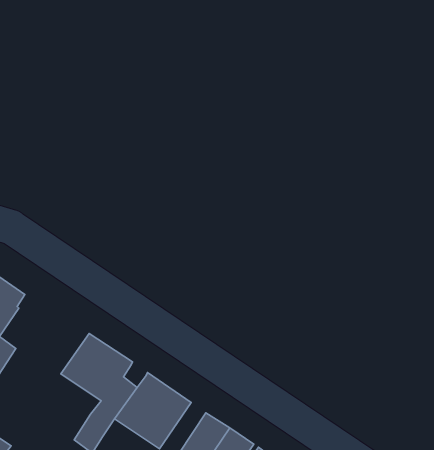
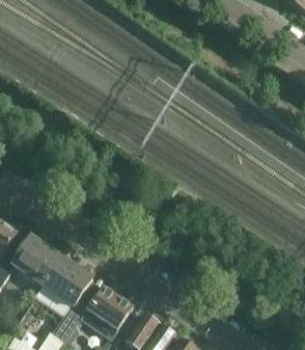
building: none -> [10,237,62,288]

